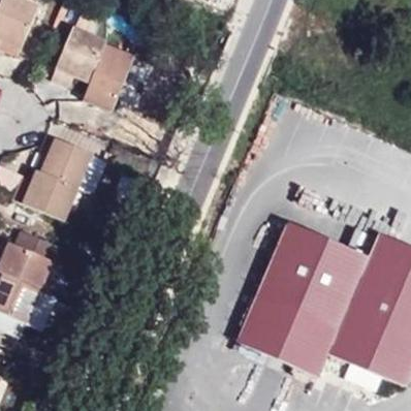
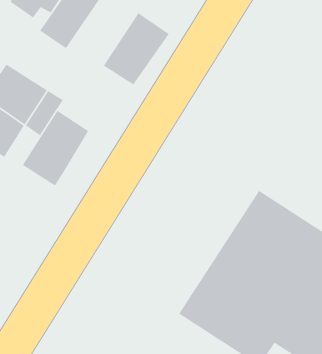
building: none -> [103,12,170,85]
building: none -> [22,110,89,187]

